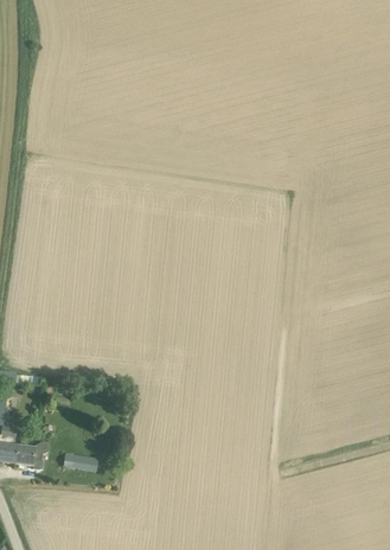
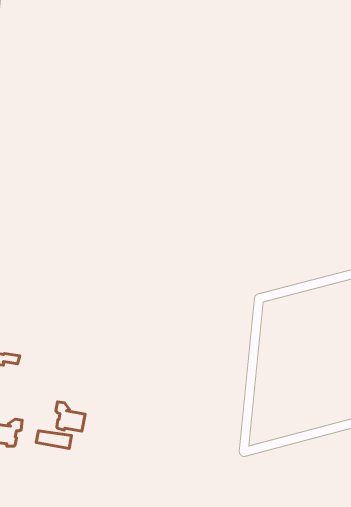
building: none -> [56,402,85,431]

